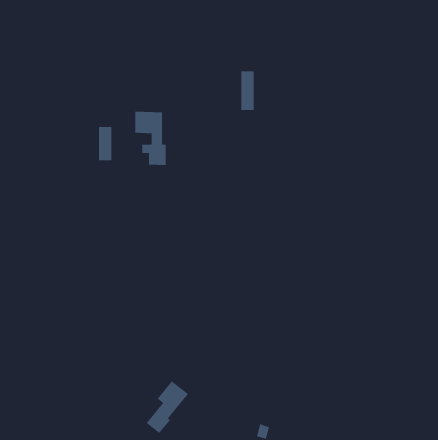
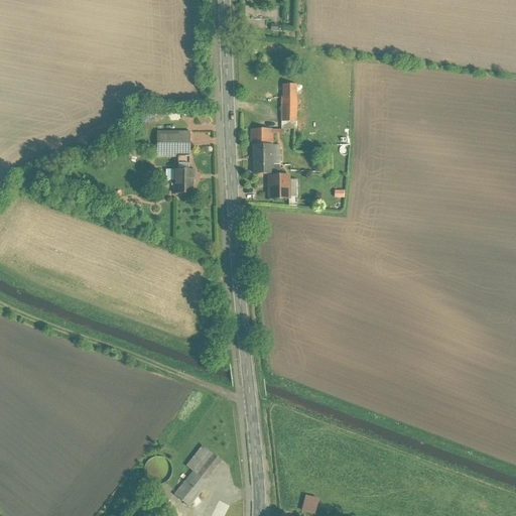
building: none -> [250,129,297,198]
building: [98,126,112,161] -> none

